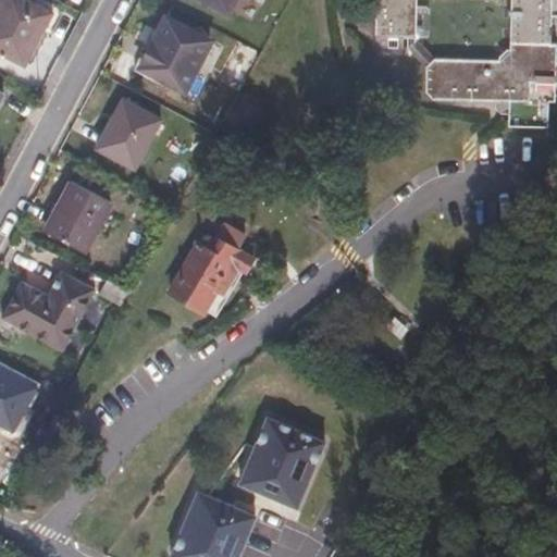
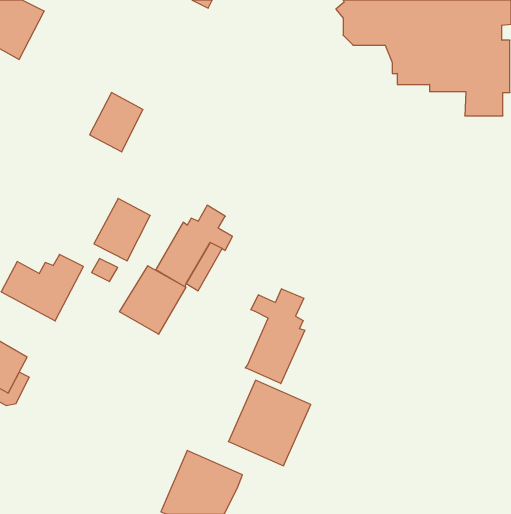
building: [139,20,205,87] -> none
building: [44,181,104,248] -> [94,198,150,261]
building: none -> [120,266,186,334]
building: none -> [245,289,305,384]

